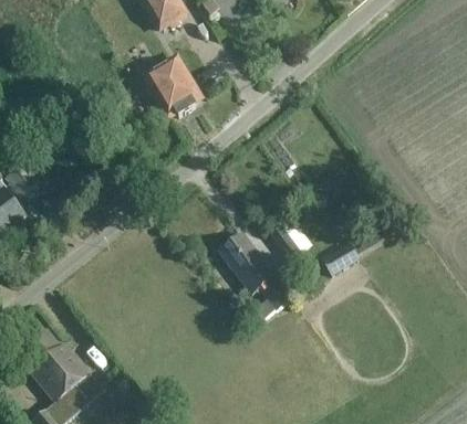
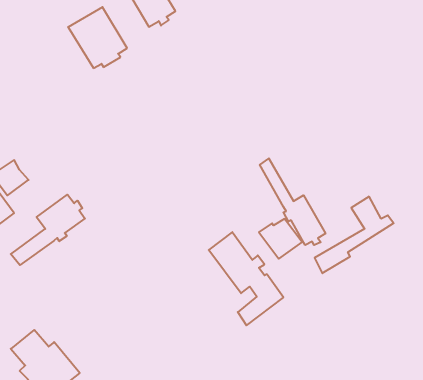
building: [143,55,201,116] -> [68,7,127,68]
building: none -> [260,158,325,245]
building: none -> [11,195,85,265]

